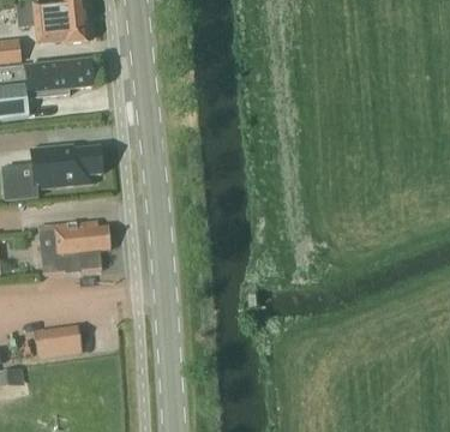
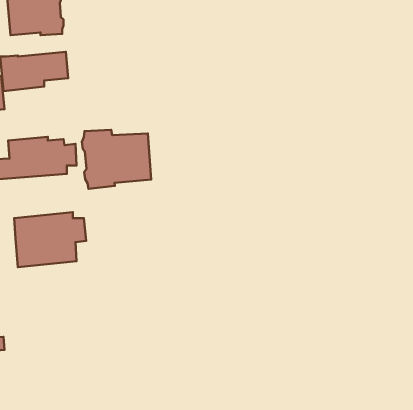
building: none -> [82,130,151,189]
building: [40,322,90,356] -> none

